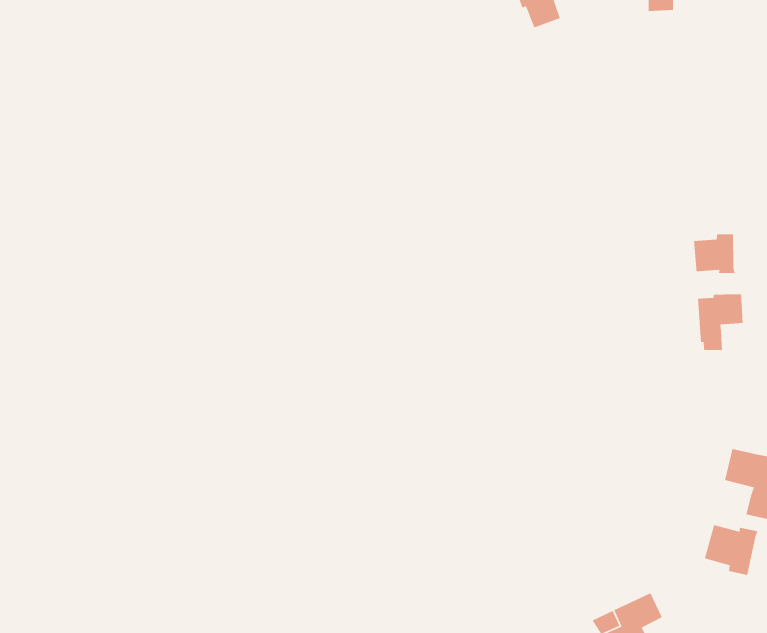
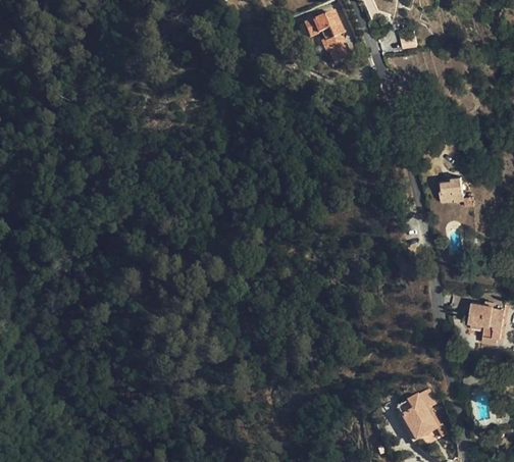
building: [697,293,743,351] -> none
building: [704,524,759,576] -> none

